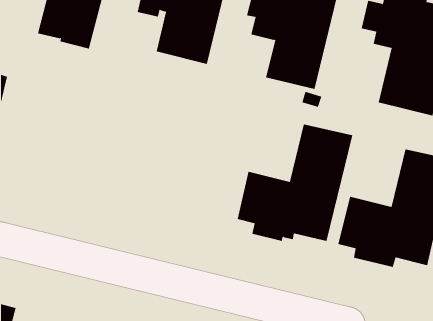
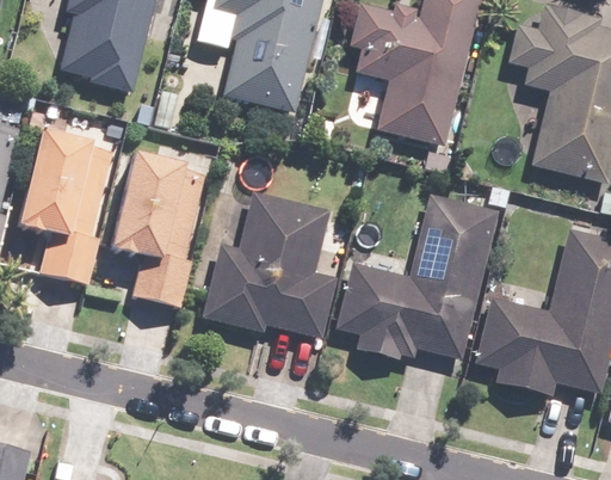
building: none -> [14,130,112,284]
building: none -> [107,153,205,307]
building: none -> [204,190,337,338]

